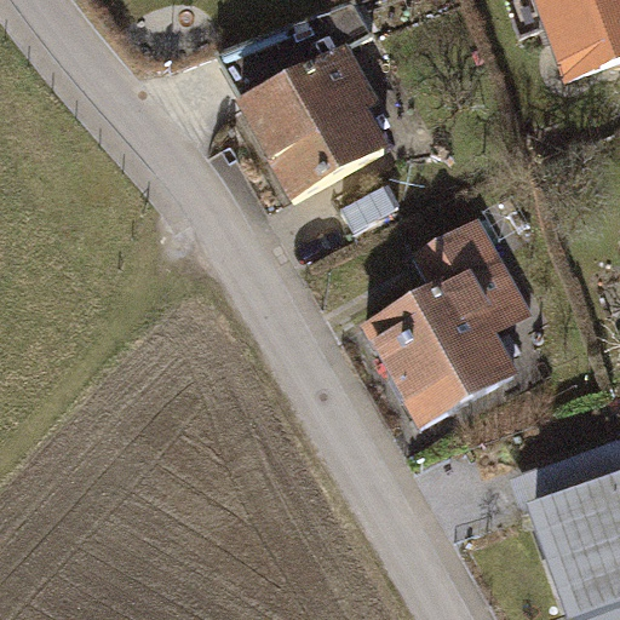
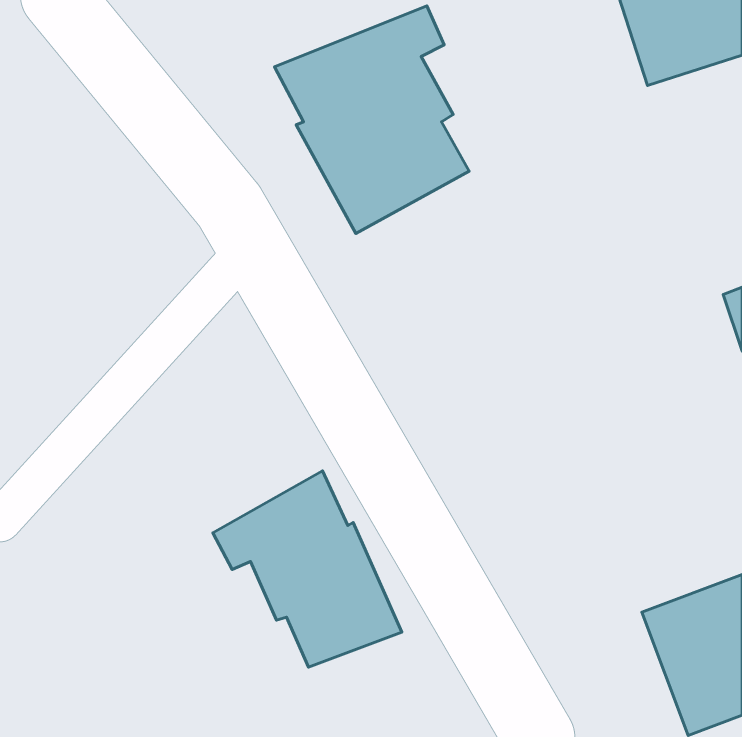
building: [340,242,535,438] -> none
building: none -> [213,471,402,667]

